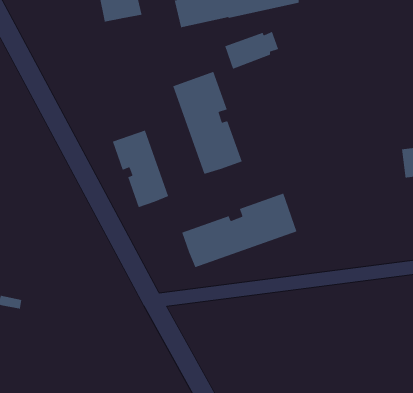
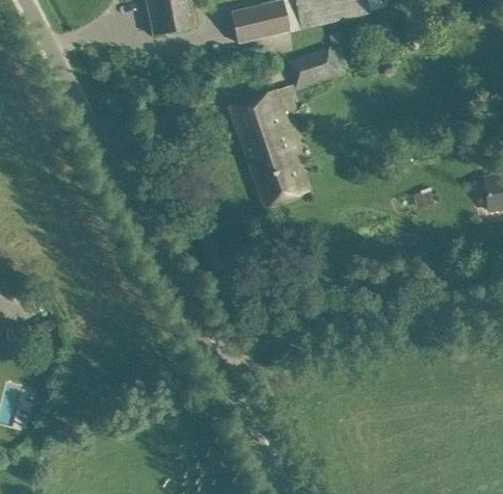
building: [112,129,169,208] -> none
building: [181,193,297,268] -> none

